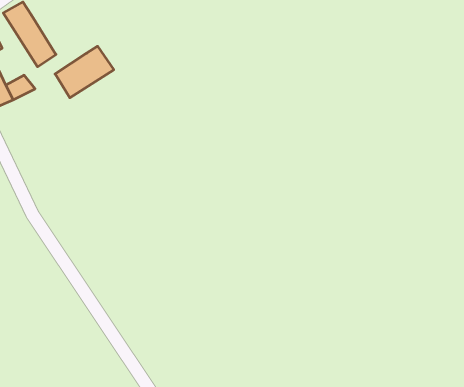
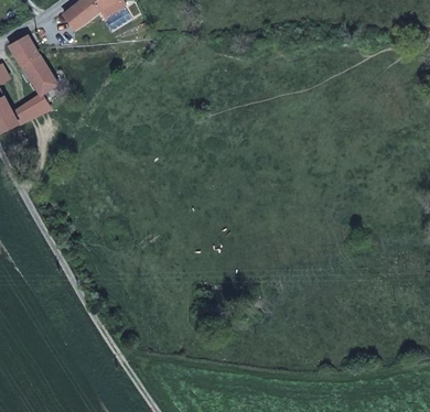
building: [55,46,114,98] -> none

